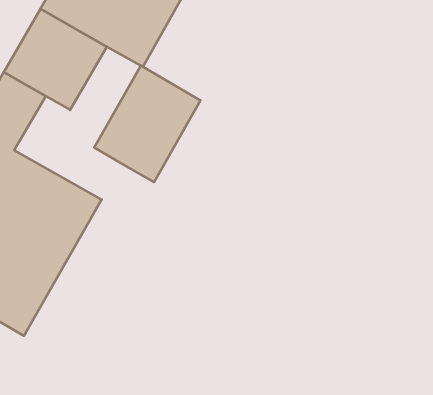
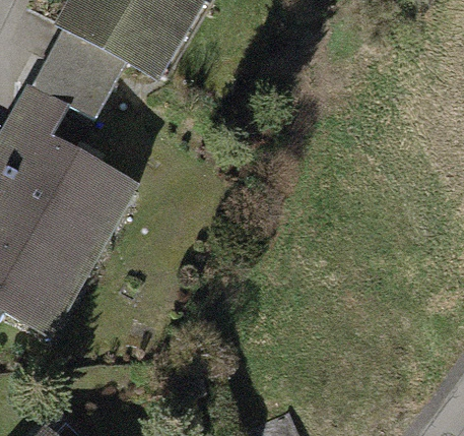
building: [94,66,200,182] -> none

